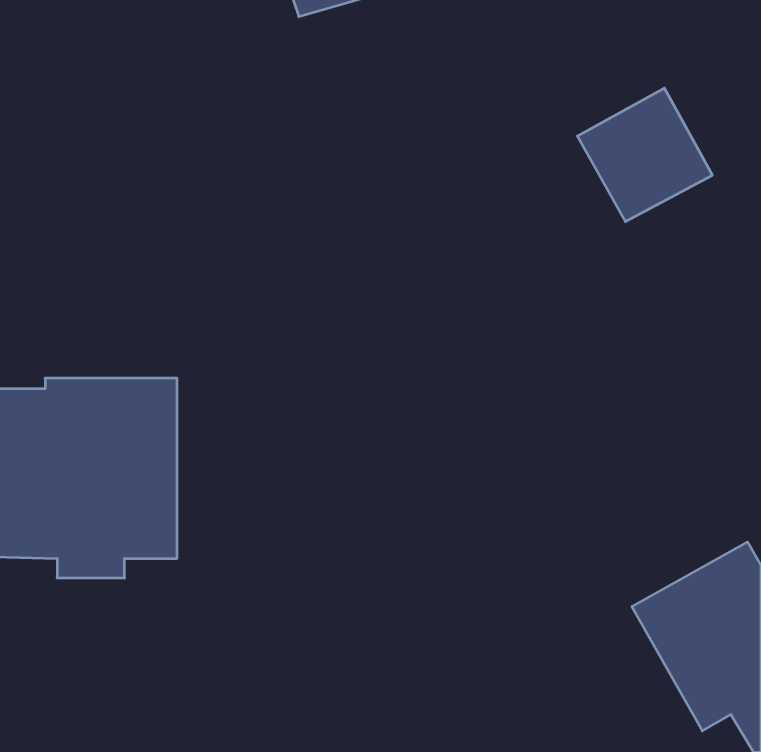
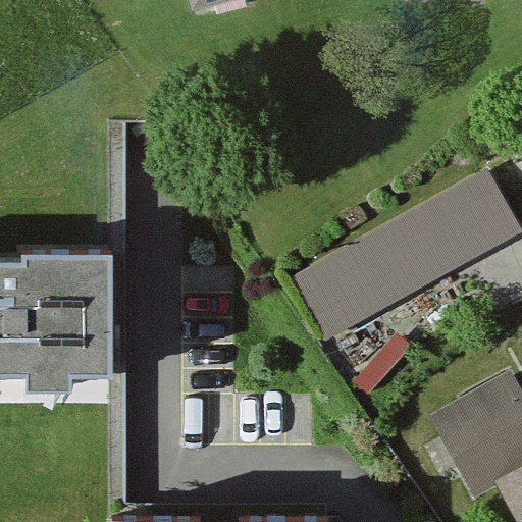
building: [577,88,712,222] -> [421,168,513,259]
building: none -> [309,225,438,336]

